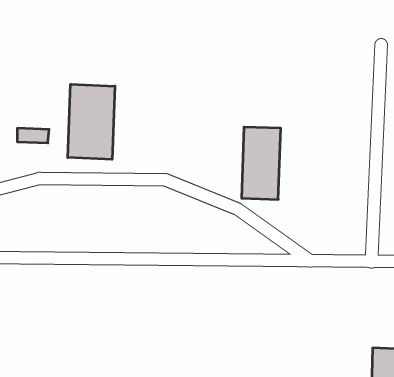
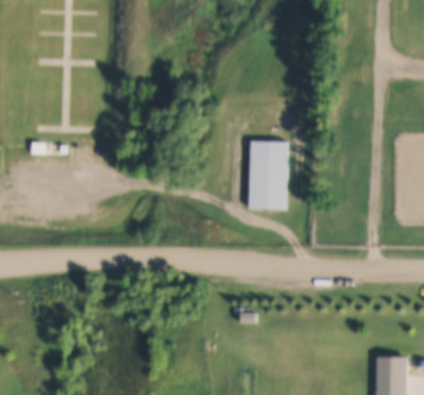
building: [68,84,115,159] -> none

